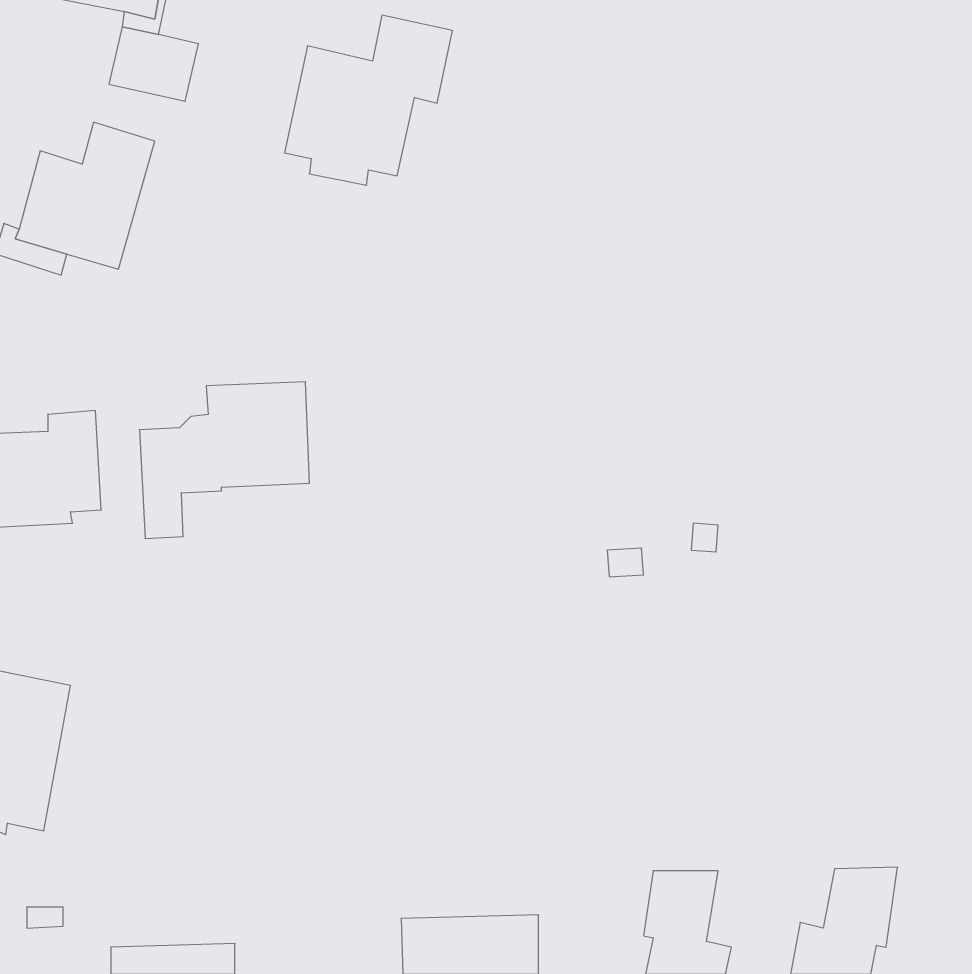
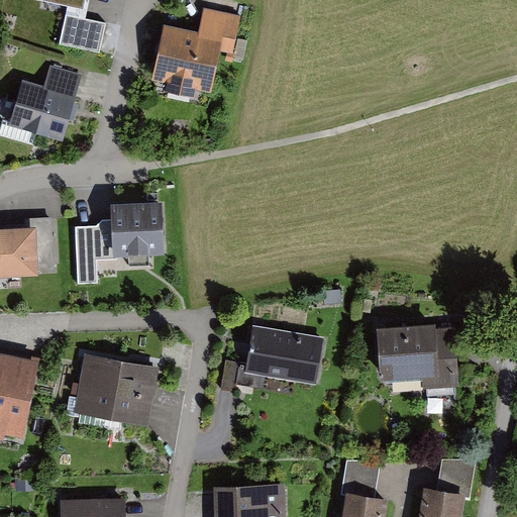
building: none -> [377,325,458,390]
building: none -> [219,326,323,393]
building: none -> [73,354,159,427]

